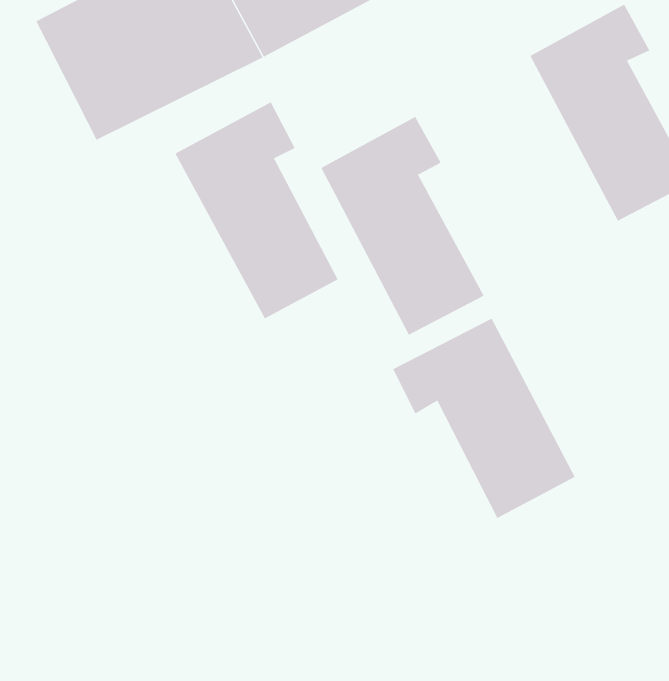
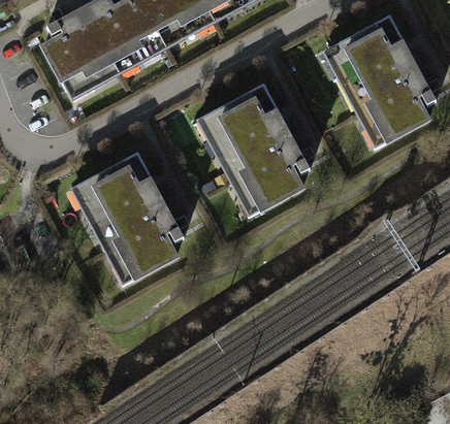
building: [175,102,339,319] -> [81,152,179,282]
building: [392,318,575,519] -> none

